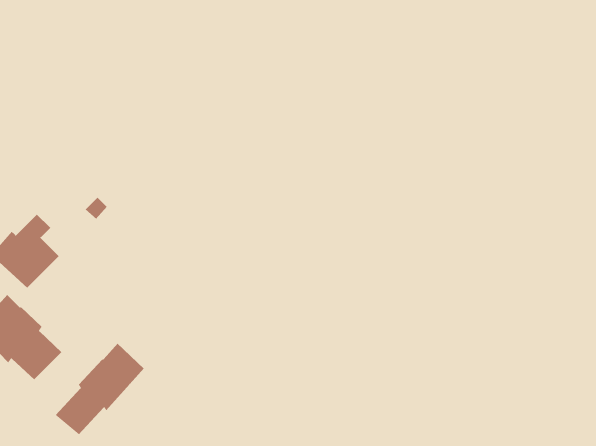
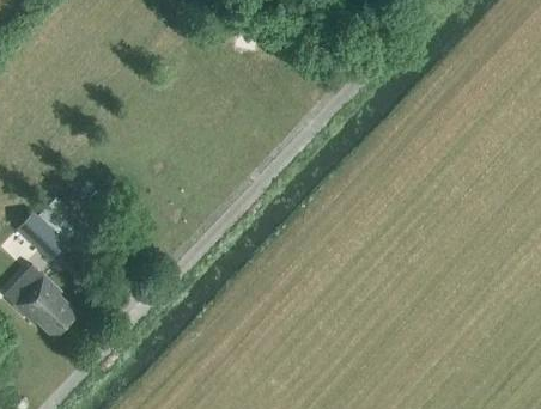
building: [55,343,145,435] -> none

